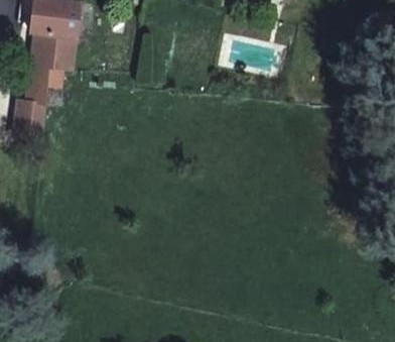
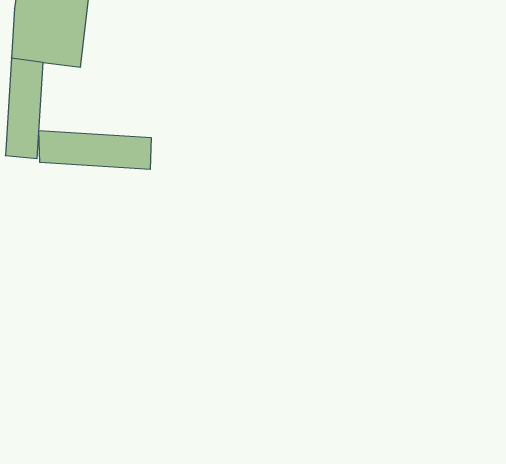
building: none -> [39,131,151,169]

